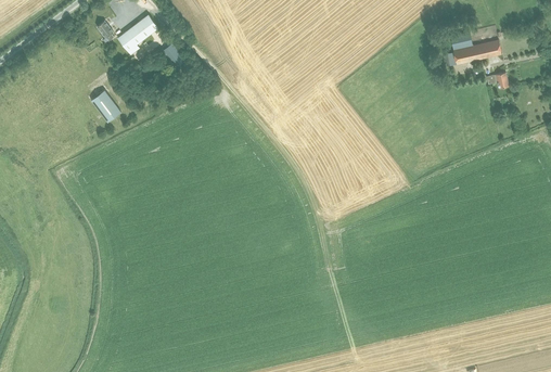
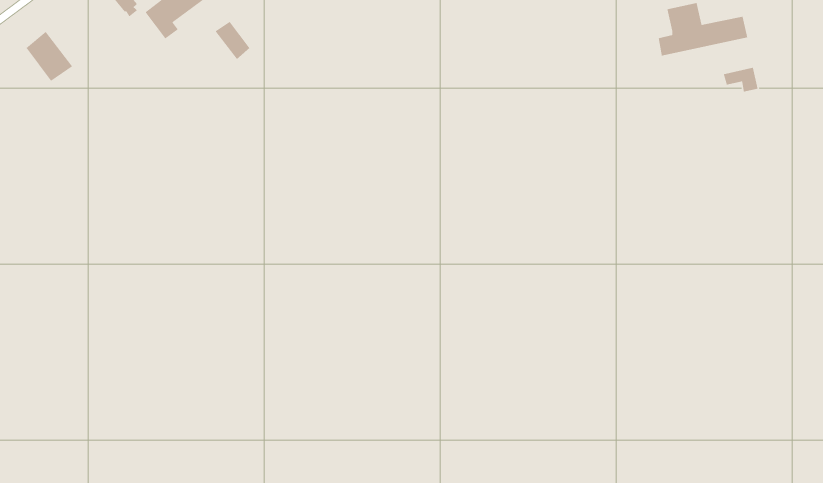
building: [91,89,121,121] -> [25,31,73,82]

